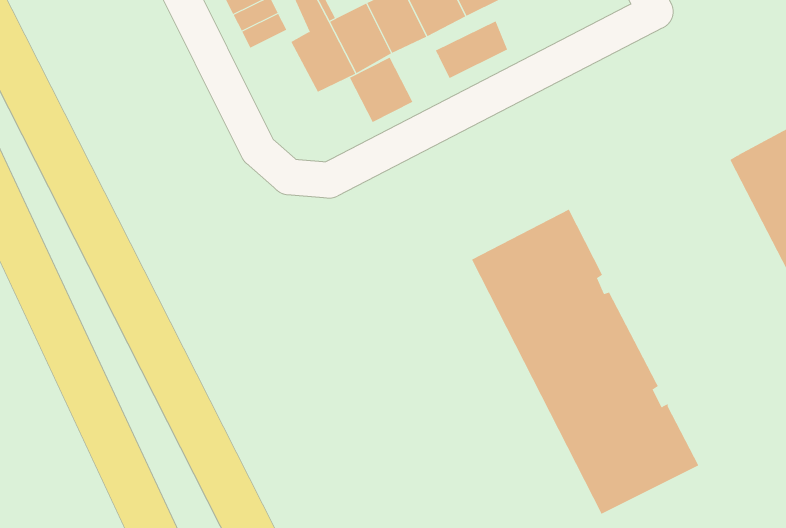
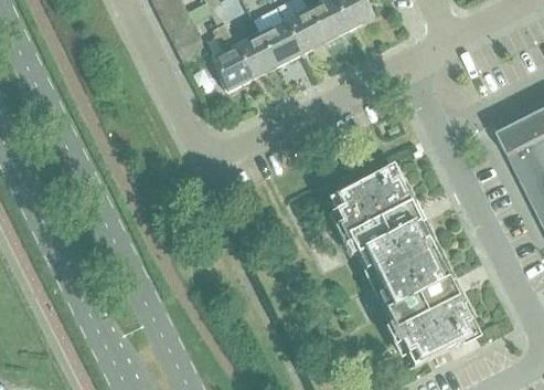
building: [435,20,508,79] -> none
building: [349,57,413,123] -> none

